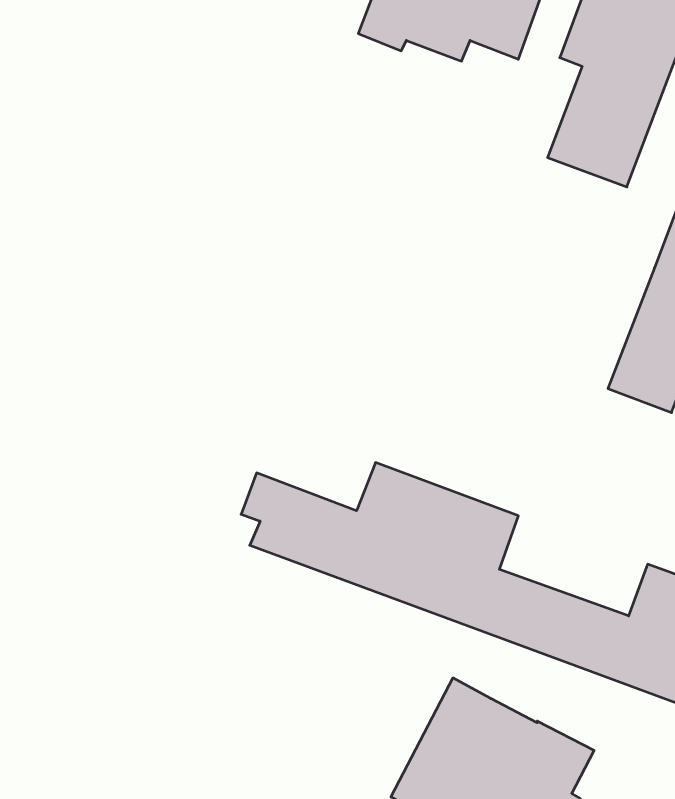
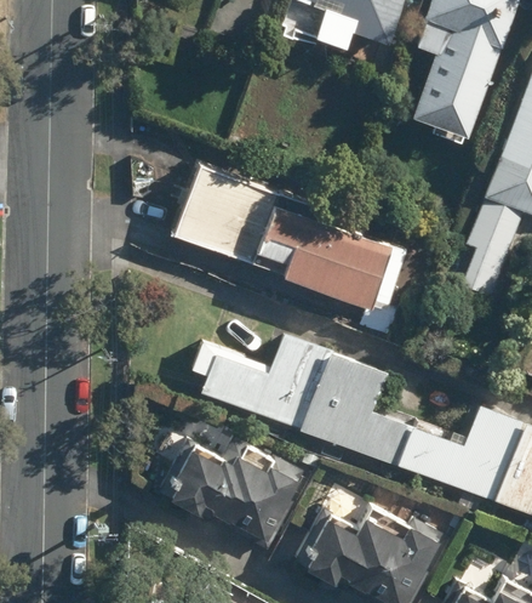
building: none -> [167,169,411,315]
building: none -> [165,434,307,544]

